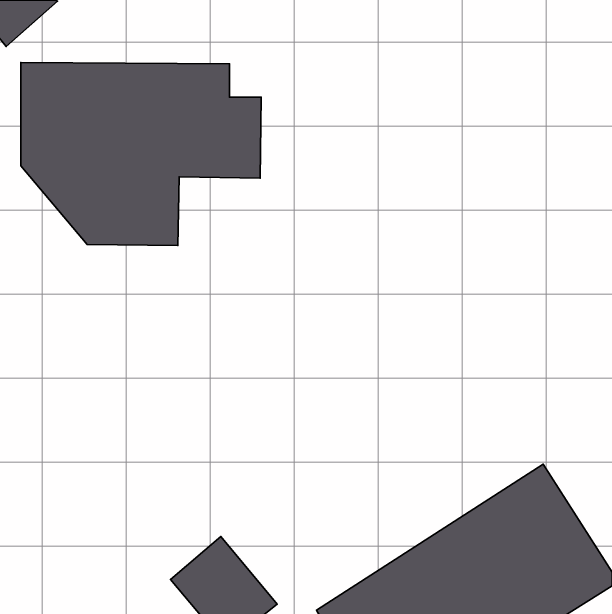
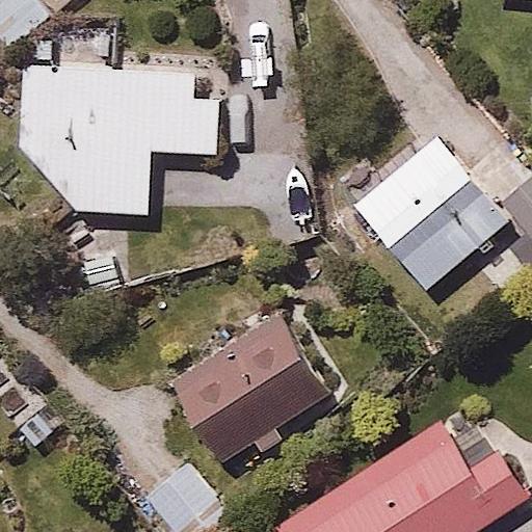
building: none -> [351,134,508,293]
building: none -> [169,314,335,470]

